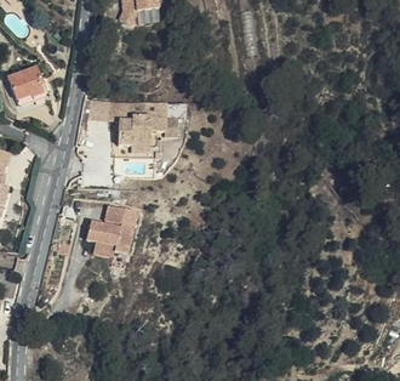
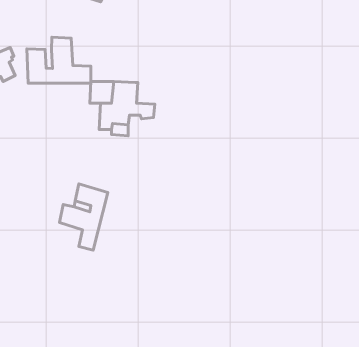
building: none -> [27,37,91,83]

